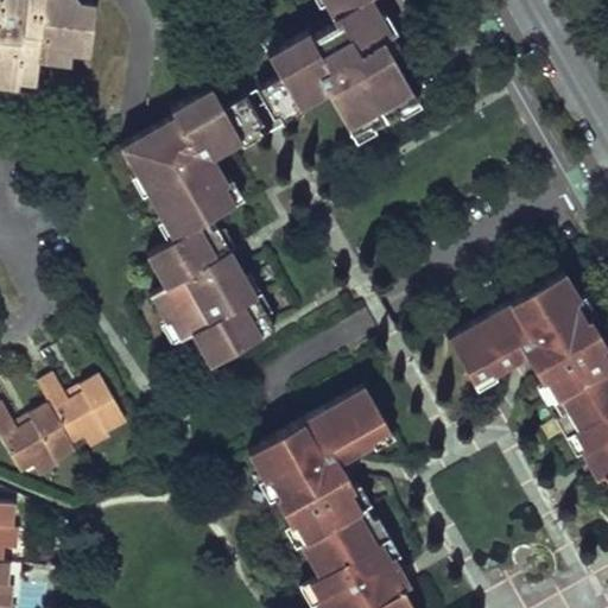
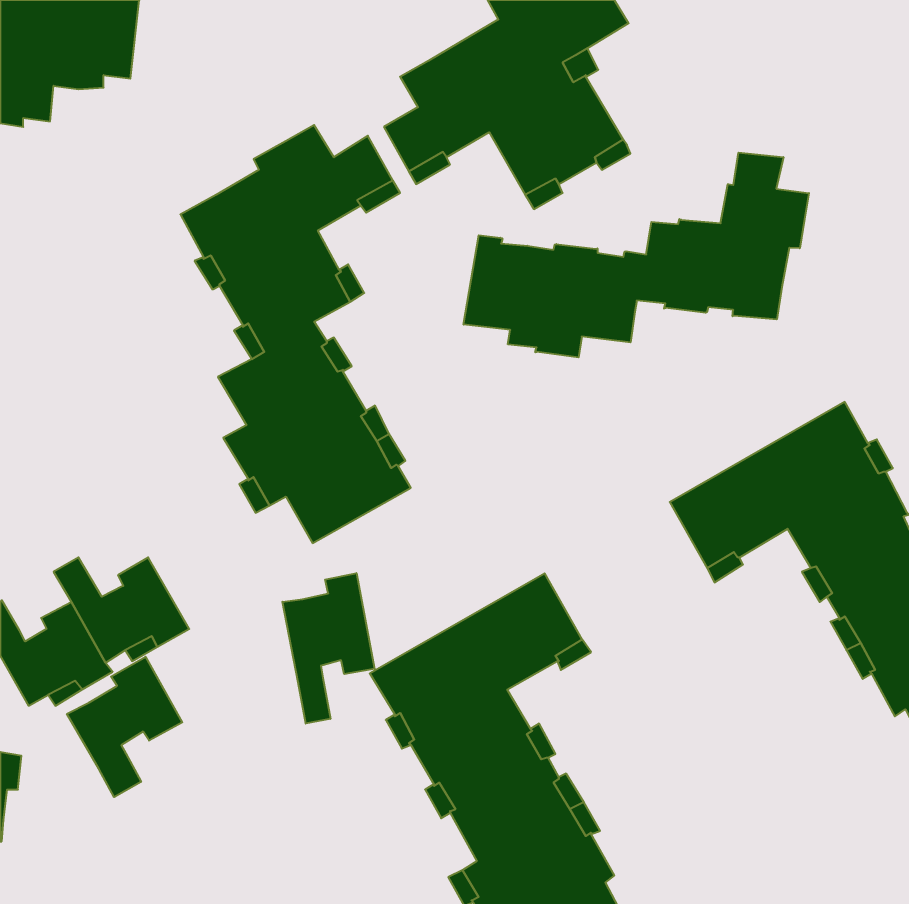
building: none -> [464,153,809,357]
building: none -> [282,573,375,724]
building: none -> [67,657,182,797]

